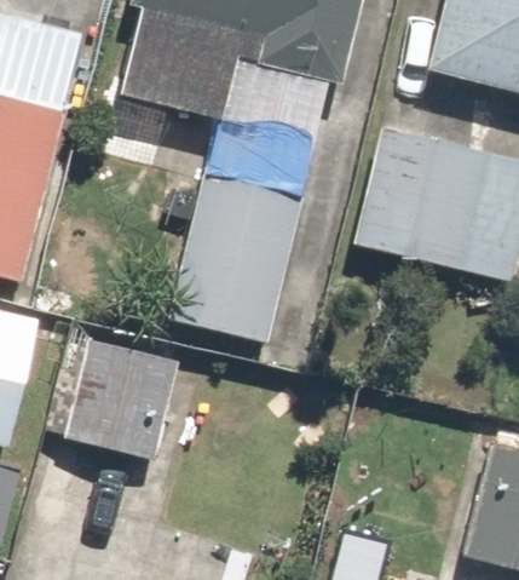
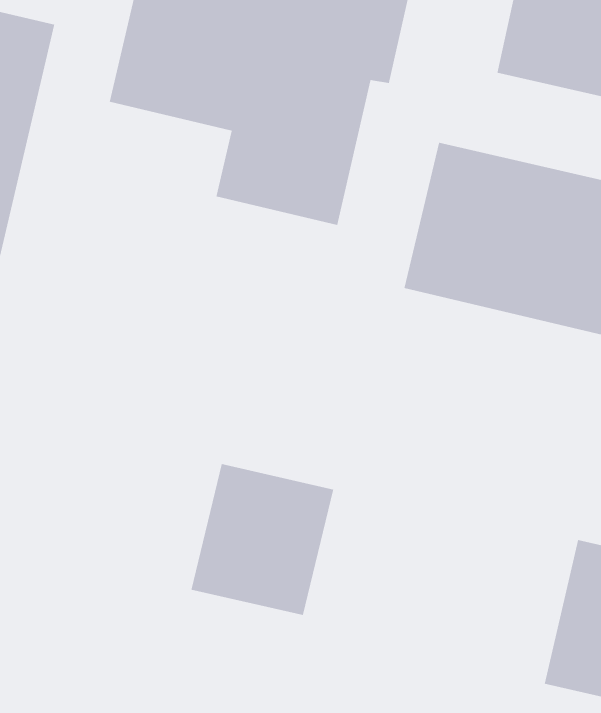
building: [169,174,300,340] -> none
building: [64,338,178,459] -> [191,463,334,616]

